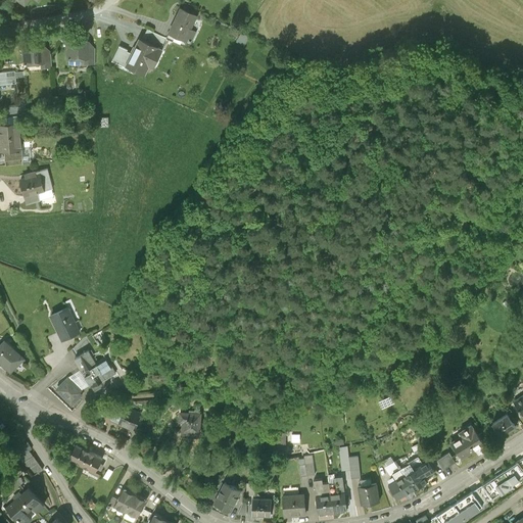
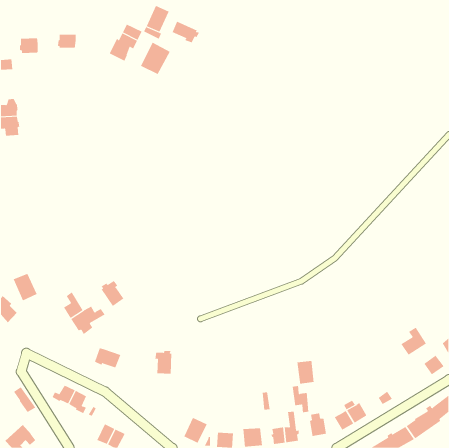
building: none -> [172,21,200,43]
building: none -> [140,42,171,75]
building: [20,168,53,201] -> none
building: [50,307,79,340] -> [13,273,37,301]
building: none -> [100,280,124,307]
building: [55,379,81,408] -> none
building: none -> [297,360,314,384]
building: [454,426,484,460] -> [400,327,427,356]

